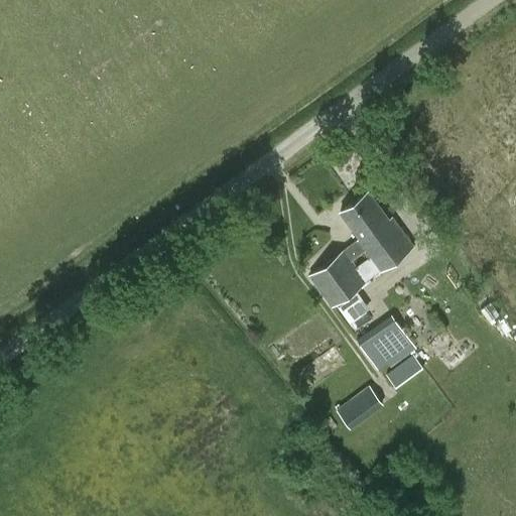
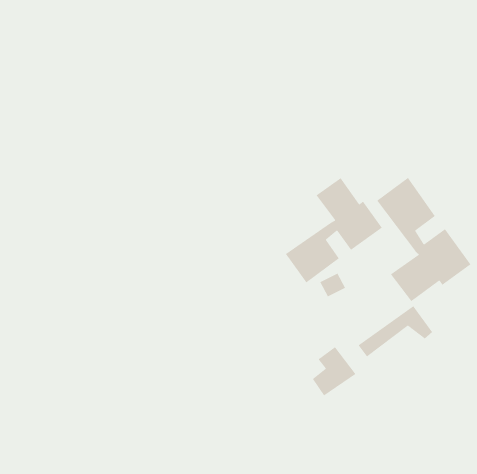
building: none -> [376,177,471,302]
building: [357,315,414,372] -> none

